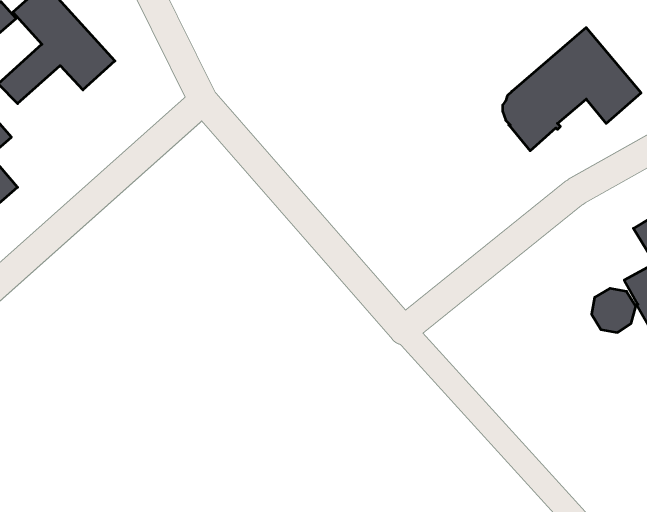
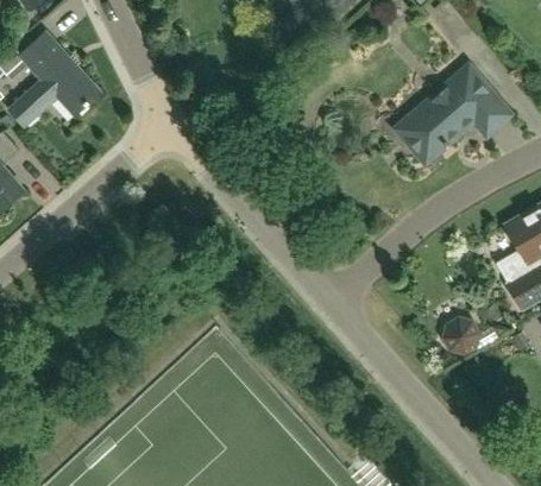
building: [592,288,636,332] -> [445,321,479,355]

